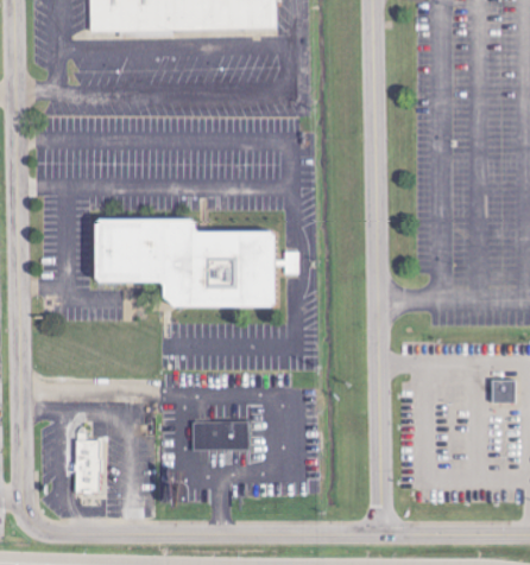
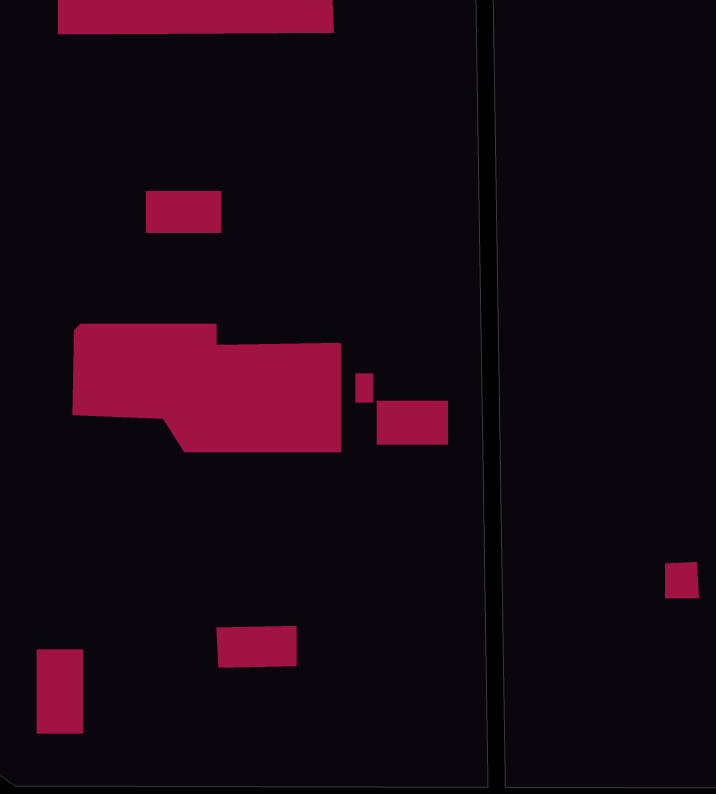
building: none -> [146,190,222,234]
building: none -> [376,400,448,445]

